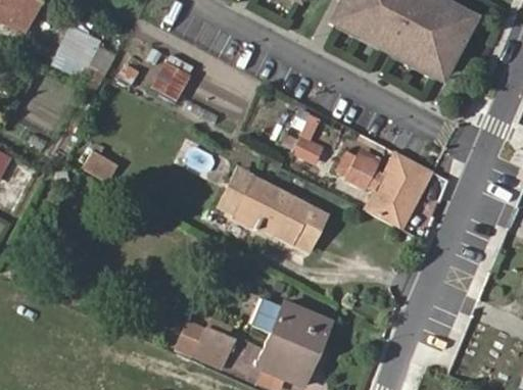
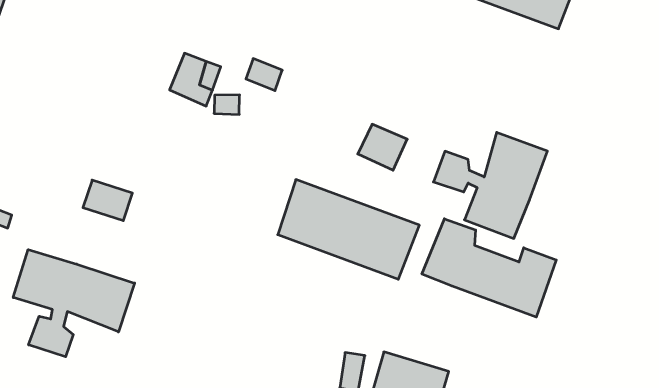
building: [62,29,102,66] -> none
building: none -> [13,250,135,357]
building: none -> [422,219,556,317]

